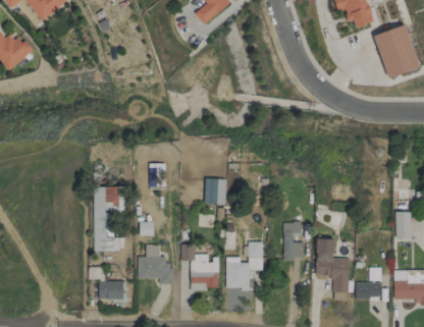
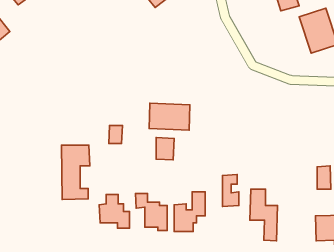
building: none -> [149,103,190,130]
building: [99,280,125,301] -> none
building: [355,281,381,299] -> none

